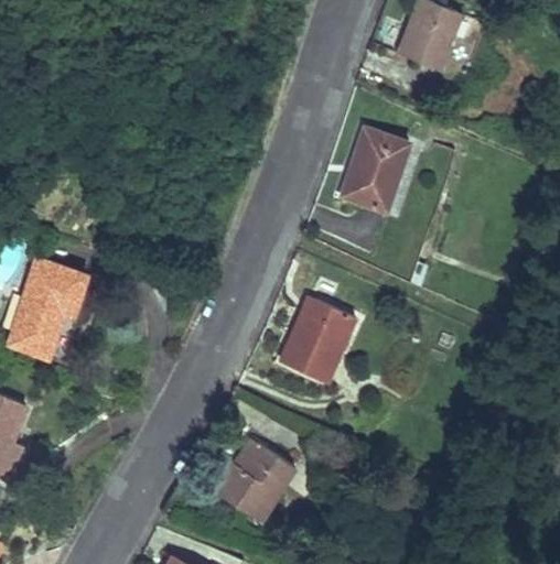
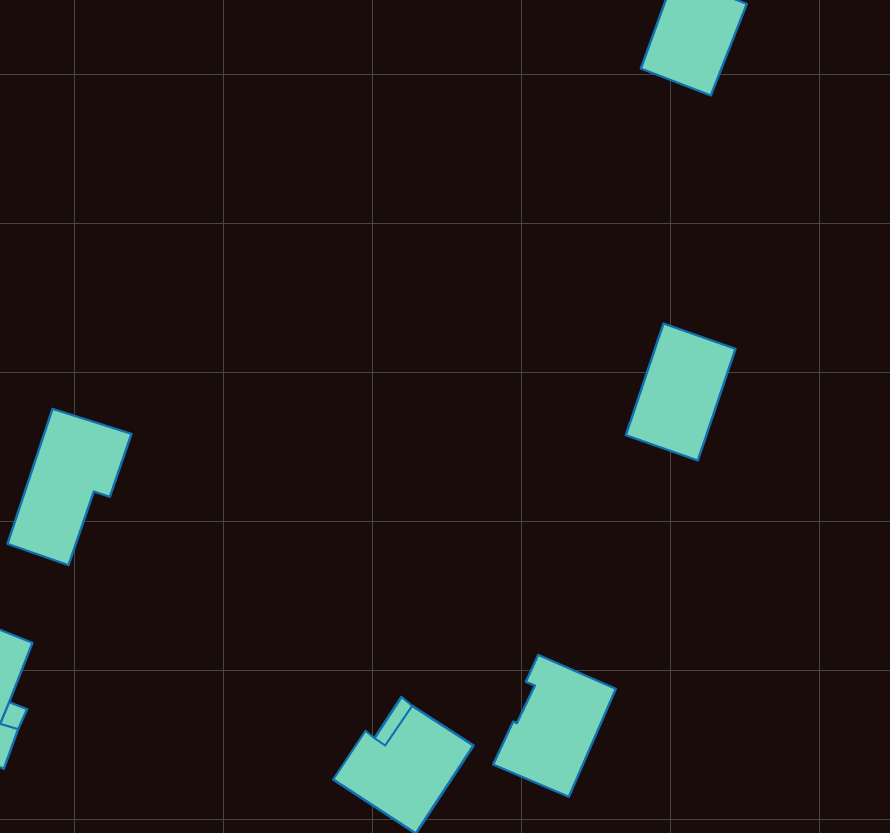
building: [342,127,409,210] -> [626,324,736,460]
building: [280,295,355,382] -> [493,655,616,797]

